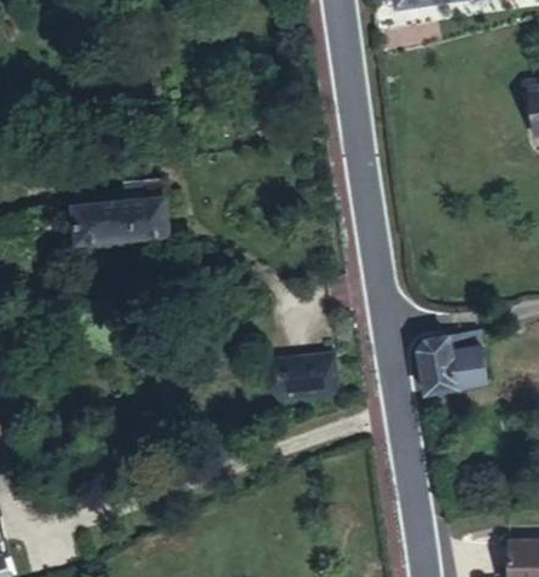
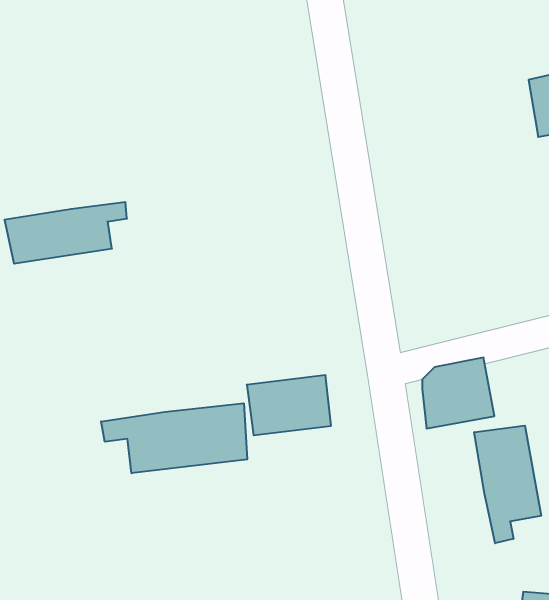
building: none -> [101,403,247,473]
building: none -> [474,426,541,543]

